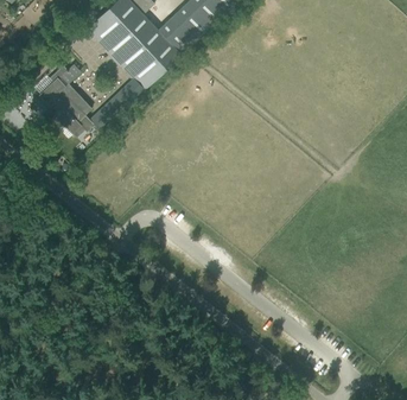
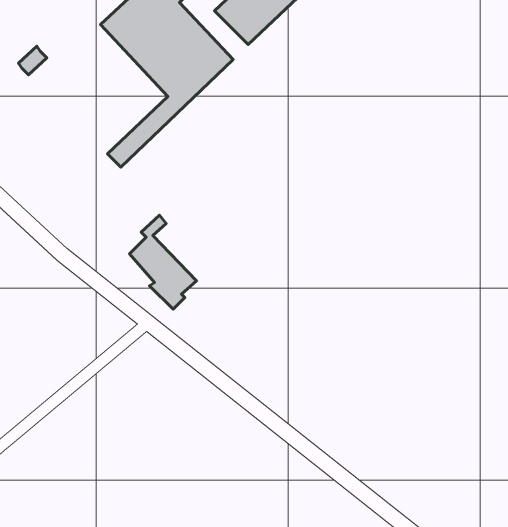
building: [40,64,88,131] -> [129,215,197,309]

